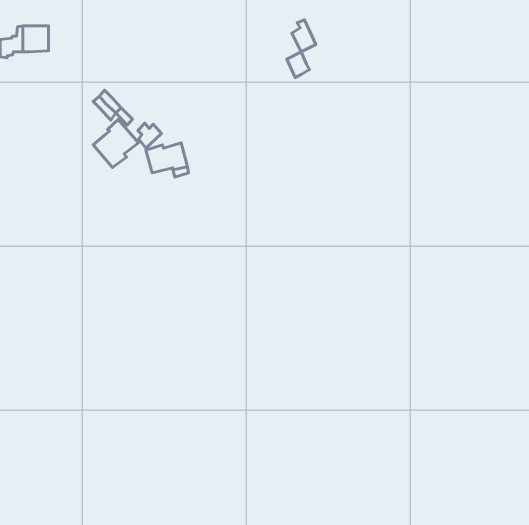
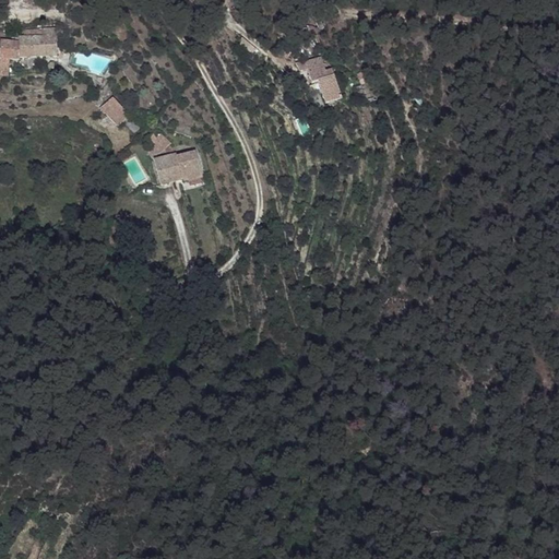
building: [292,20,316,52] -> [318,64,343,98]
building: [93,119,139,168] -> none

